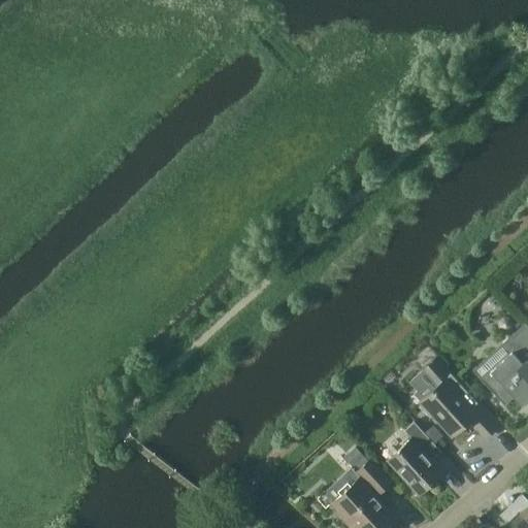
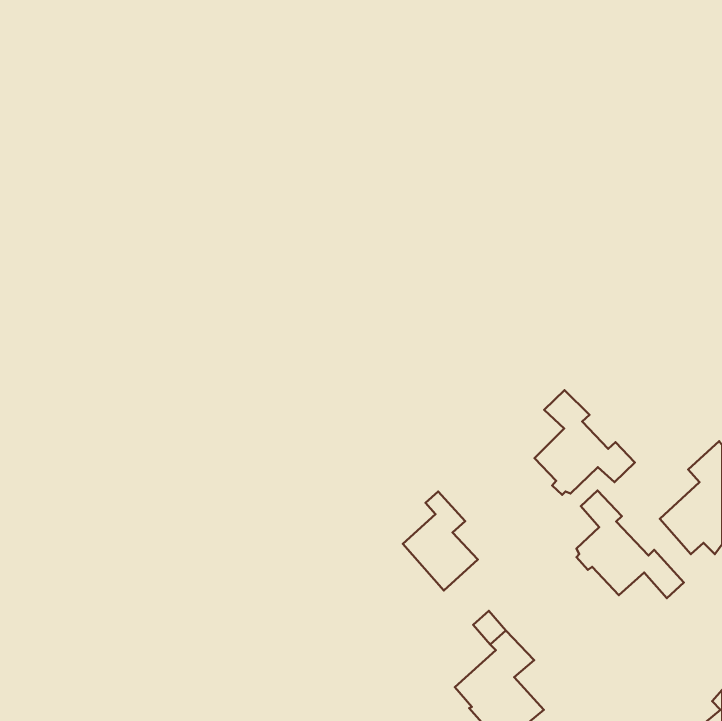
building: none -> [534,390,635,495]
building: [388,422,442,494] -> [403,492,478,590]

